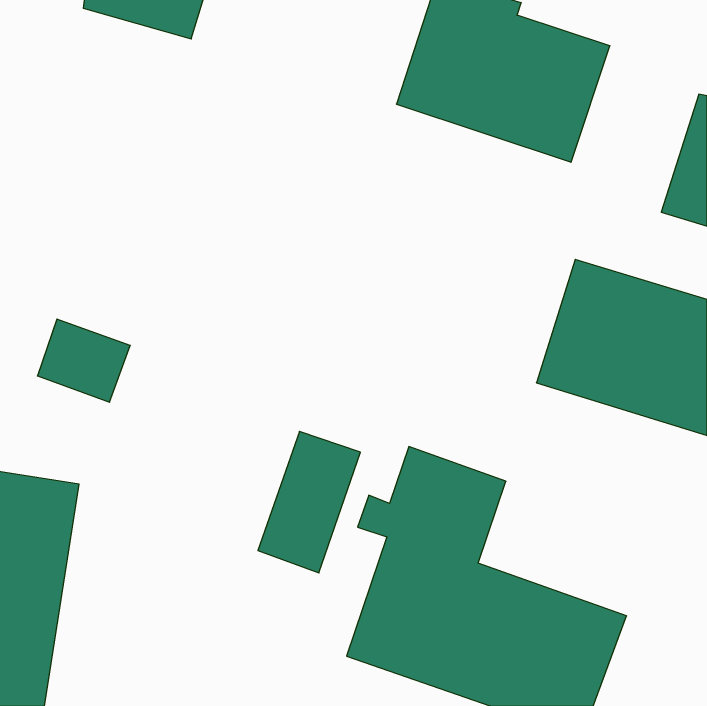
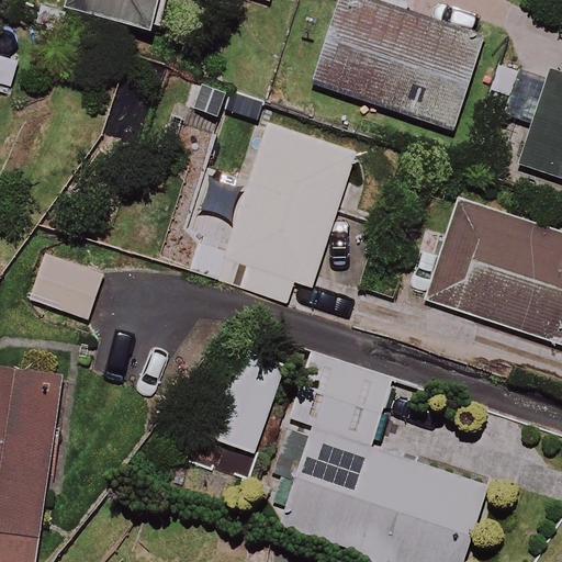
building: none -> [216,123,357,302]

